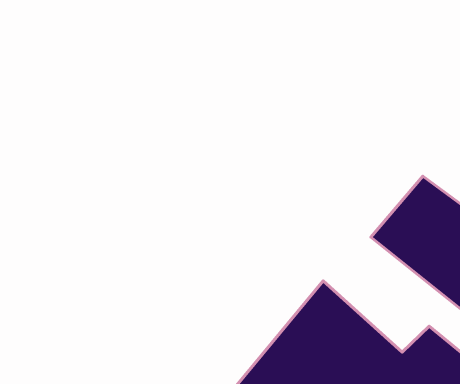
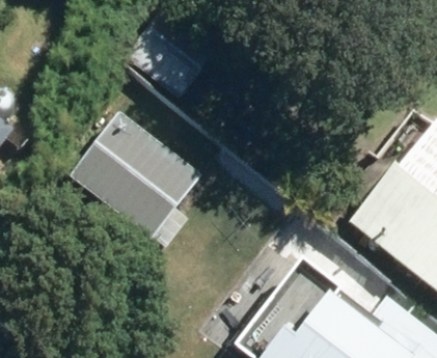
building: none -> [71,115,198,241]

